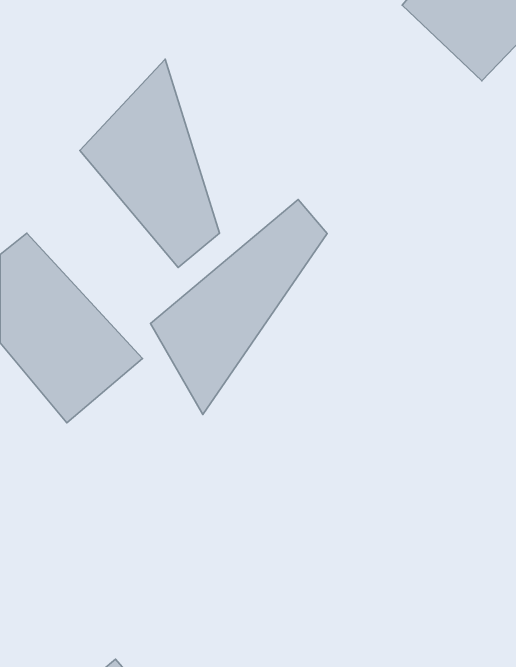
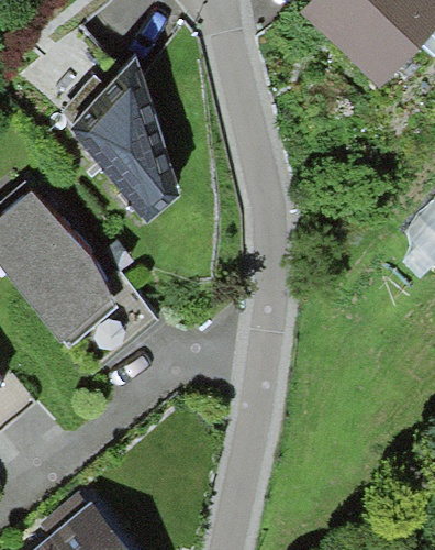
building: [151,200,327,415] -> none

